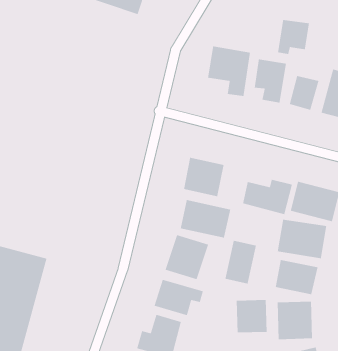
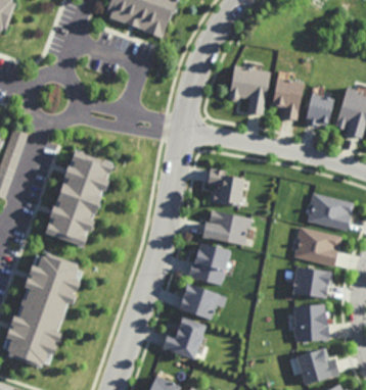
building: [277,19,310,55] -> none
building: none -> [44,149,111,247]
building: [242,179,293,215] -> none
building: [224,240,257,284] -> none
building: [236,299,267,333] -> none

